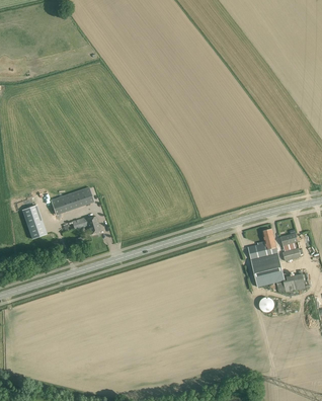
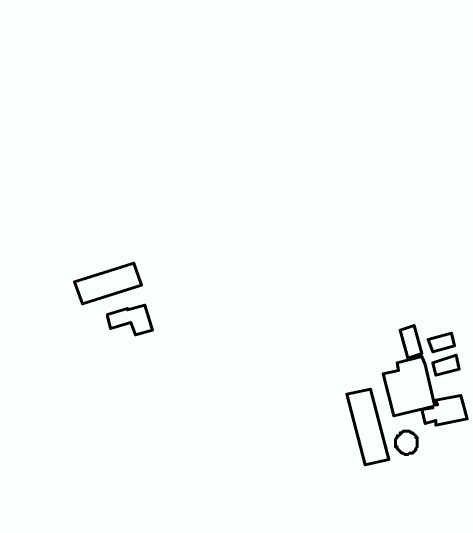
building: [21,205,46,238] -> none
building: none -> [347,389,389,465]

